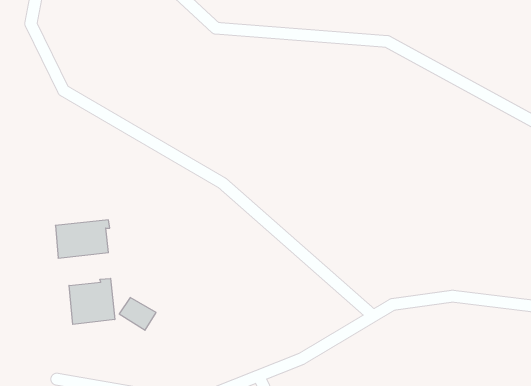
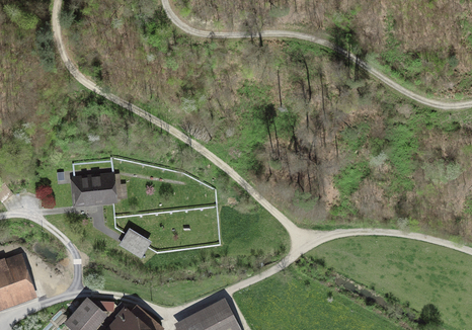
building: [69,278,115,324] -> none

